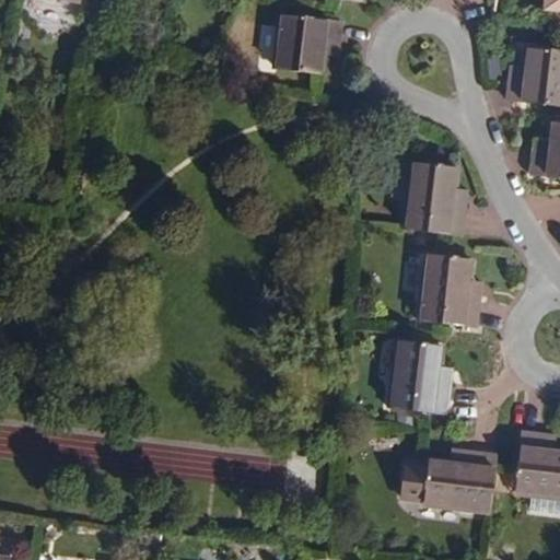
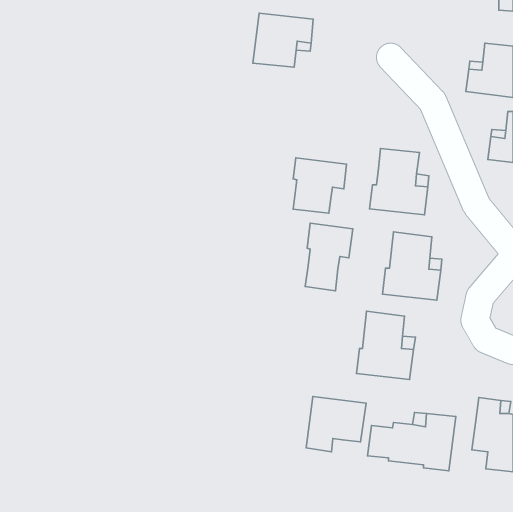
building: none -> [293,158,346,213]
building: none -> [305,223,353,291]
building: none -> [306,397,366,452]

